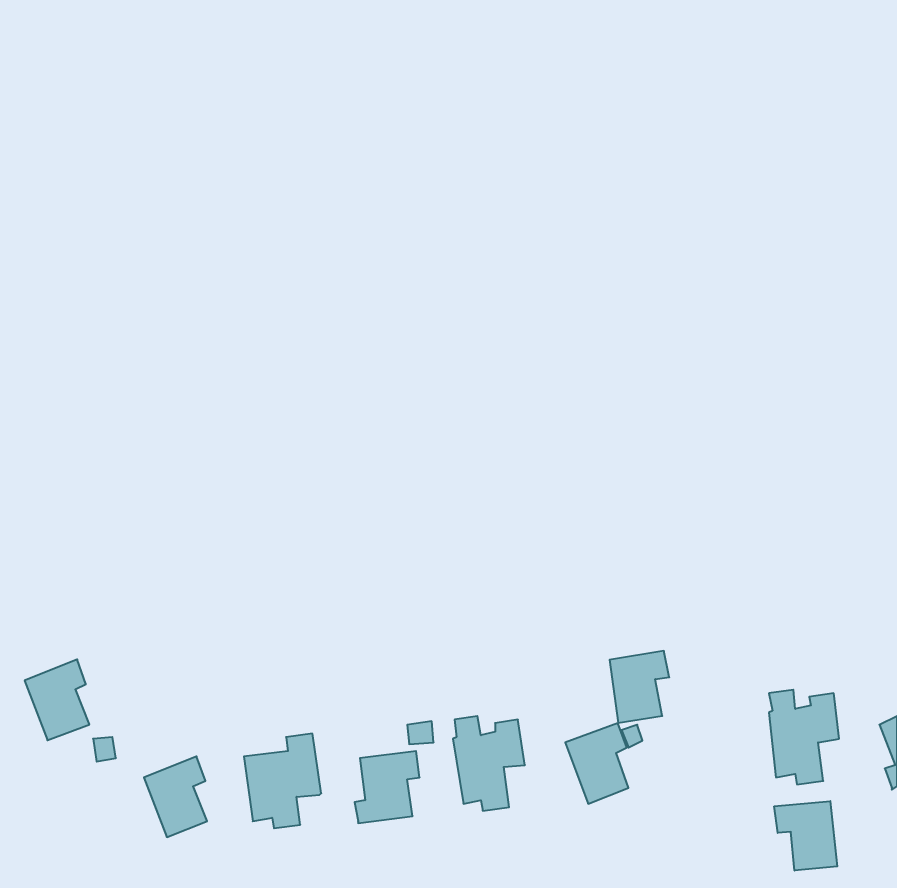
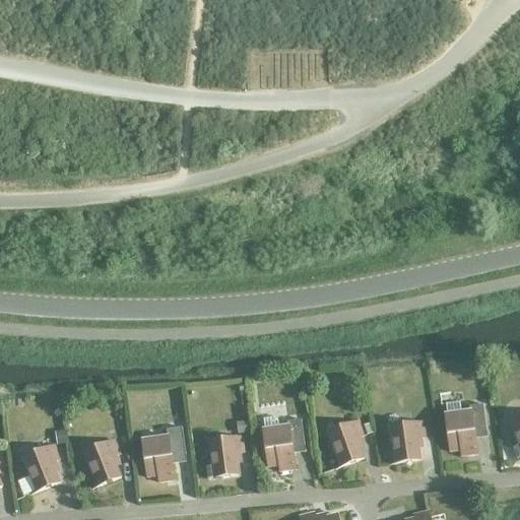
building: [610,651,669,723] -> [390,419,425,461]
building: [25,659,89,740] -> [22,443,60,490]
building: [774,801,837,871] -> none

